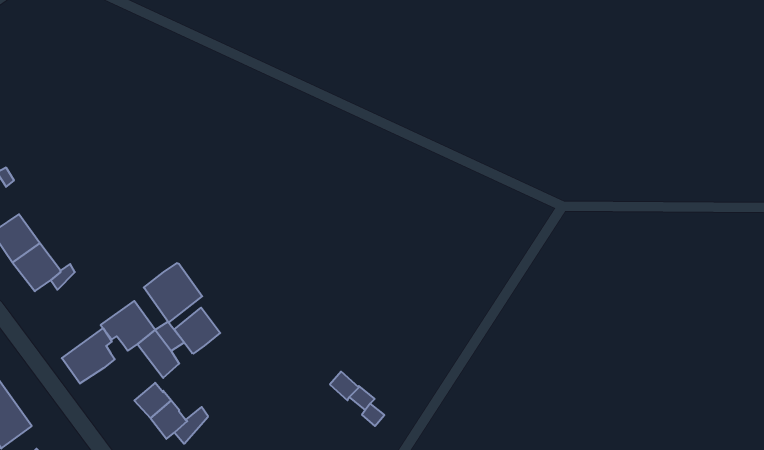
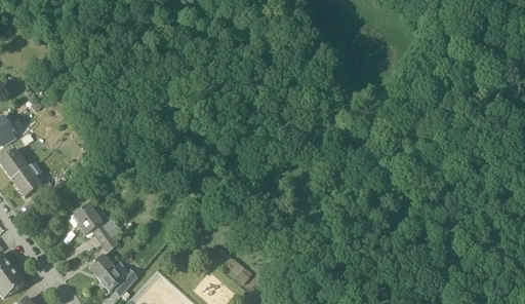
building: [144,263,202,322] -> none
building: [174,308,220,354] -> none
building: [62,328,115,384] -> none

